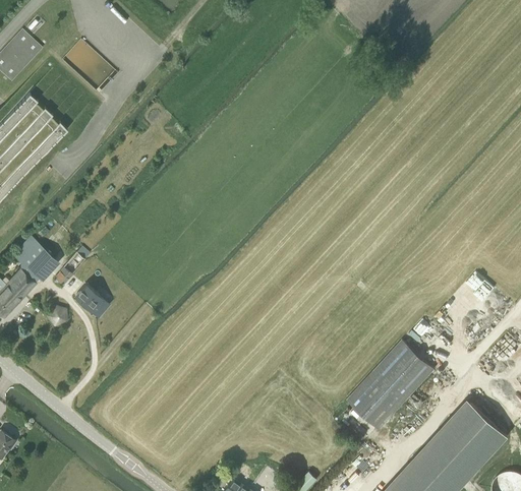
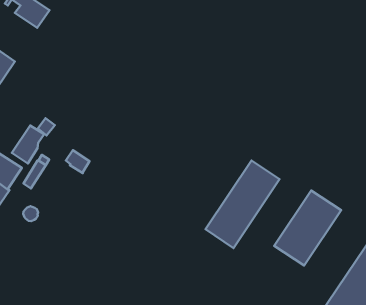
building: none -> [12,126,44,164]
building: [75,284,104,313] -> [66,150,89,173]
building: none -> [205,160,279,248]

